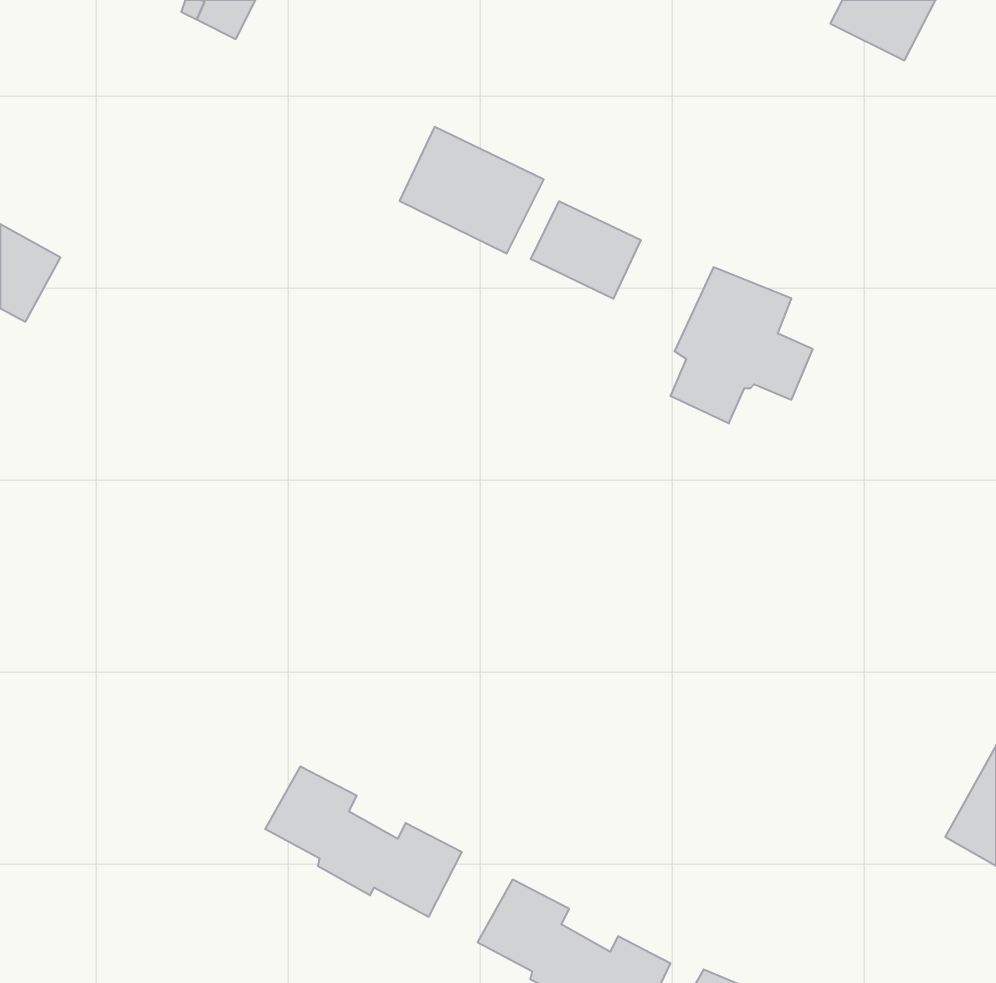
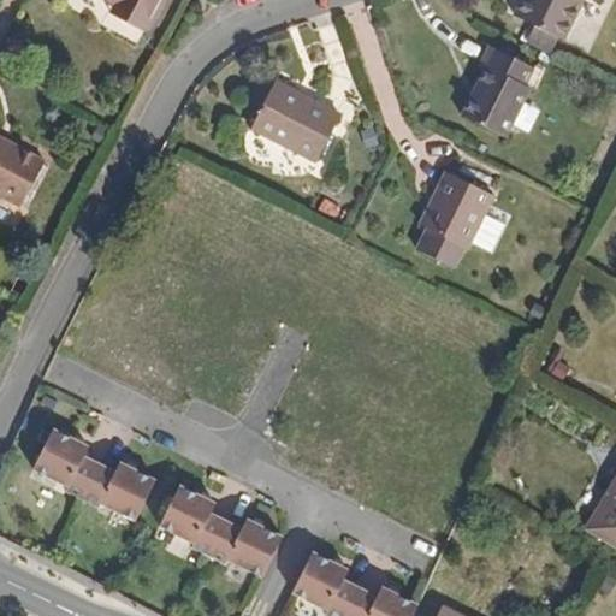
building: none -> [461,53,528,143]
building: [531,201,641,299] -> none
building: none -> [38,422,160,515]

